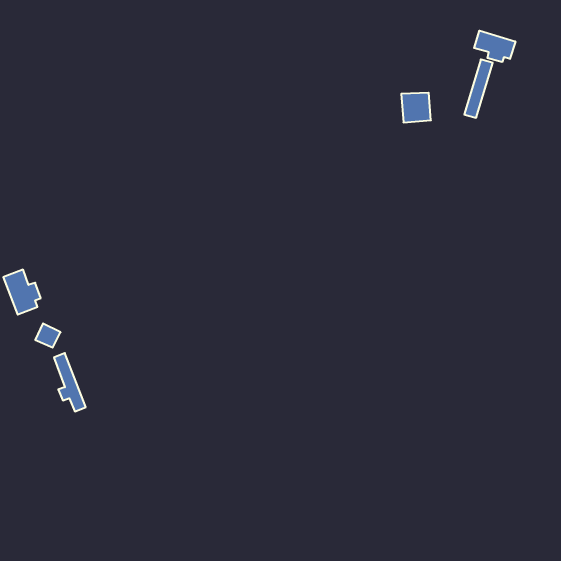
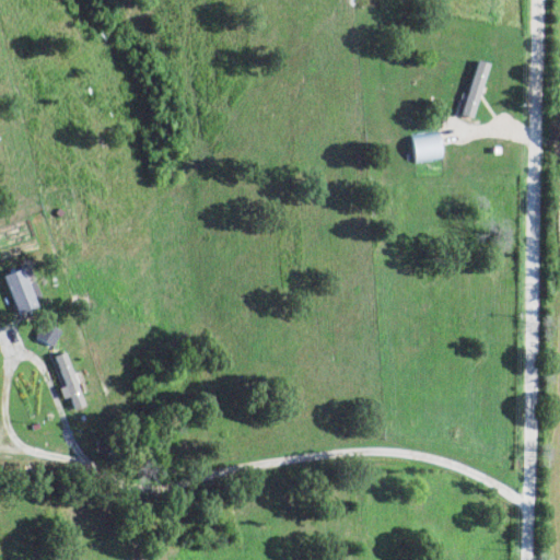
building: [474,31,515,62] -> none
building: [401,93,431,122] -> [413,132,443,162]

